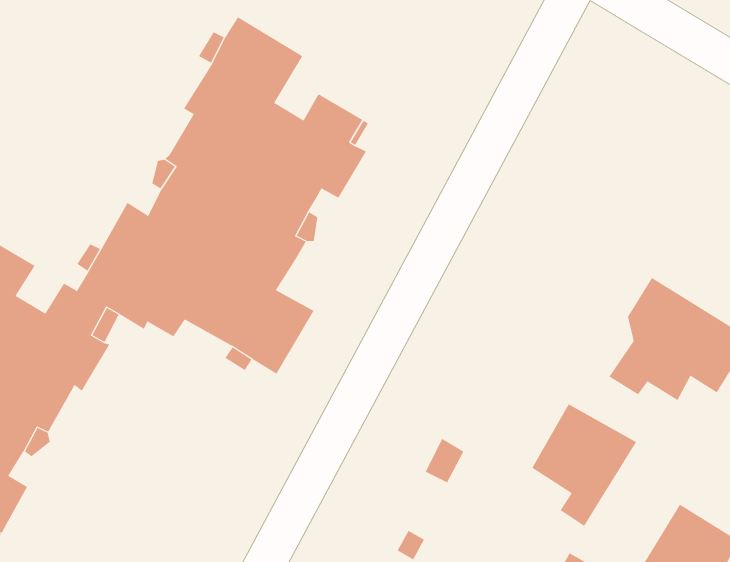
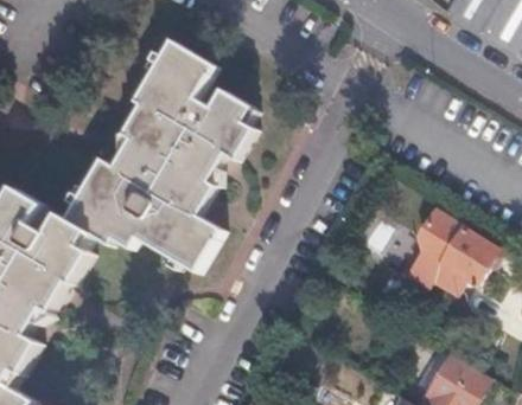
building: [531,404,637,527] -> none

